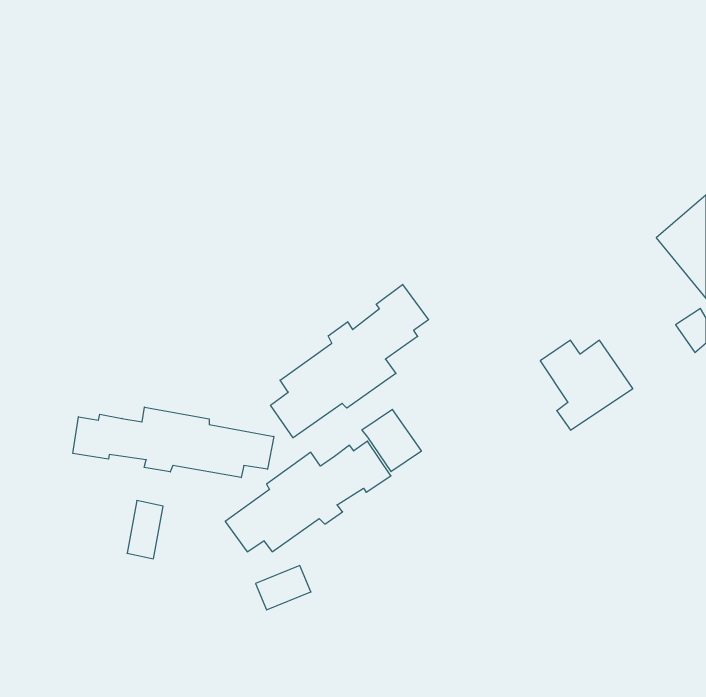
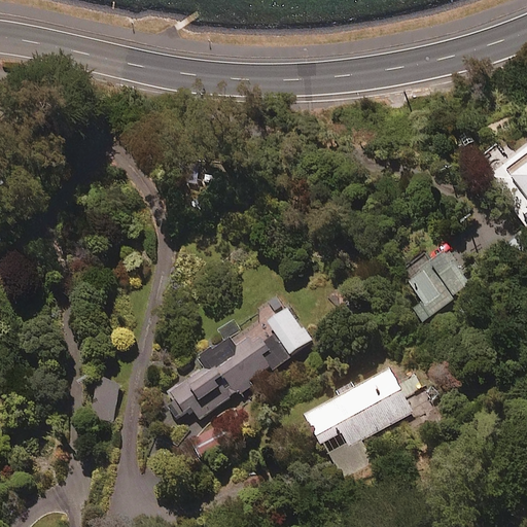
building: [271,284,429,438] -> none
building: [73,407,274,478] -> none
building: none -> [307,370,413,472]

